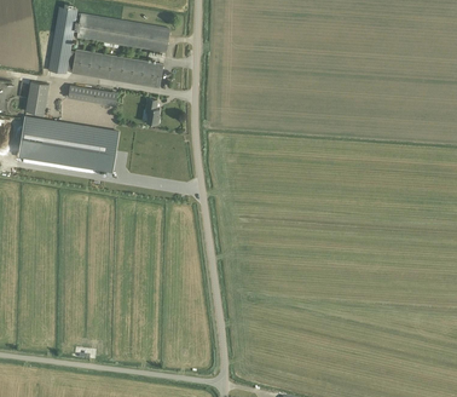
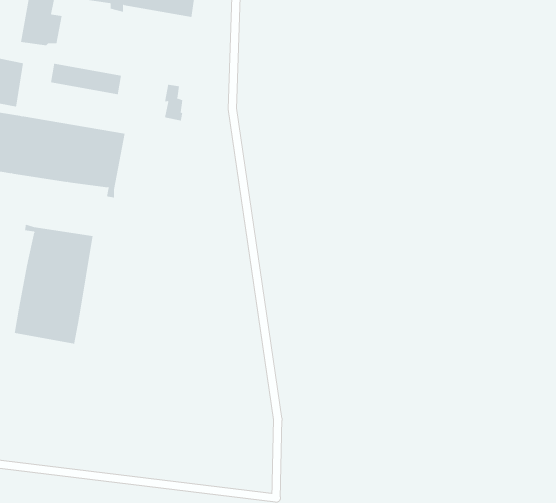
building: [71,50,162,87] -> none
building: none -> [14,224,93,344]

